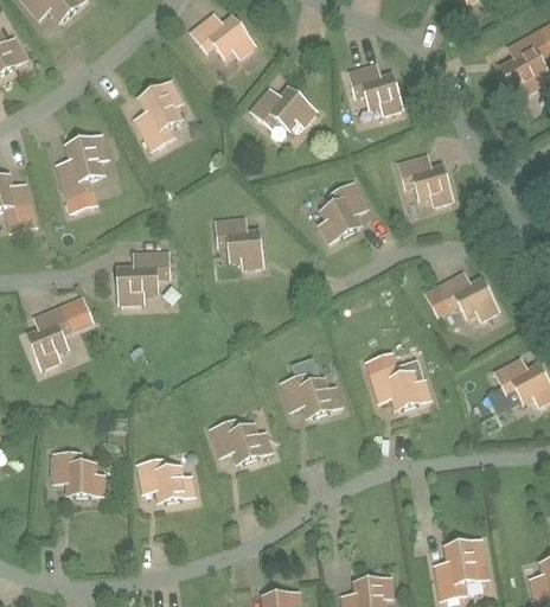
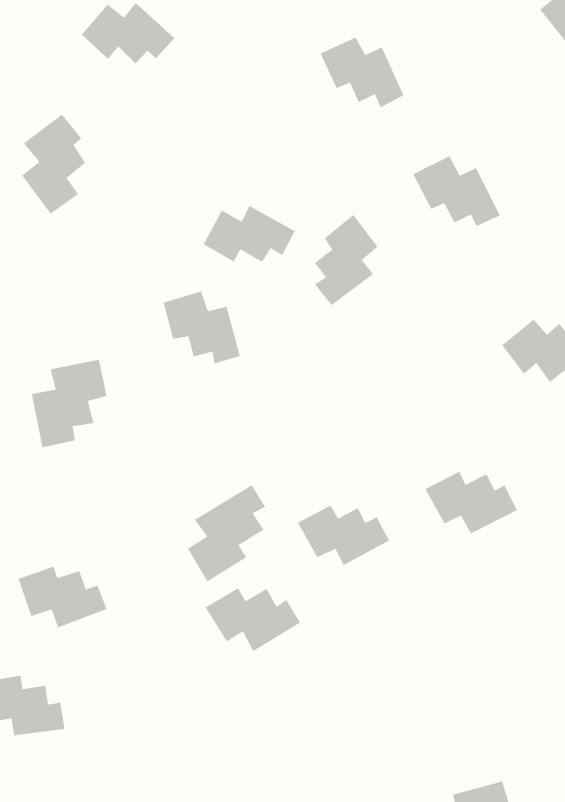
building: [251,89,315,129] -> [203,205,296,263]
building: none -> [187,484,266,583]
building: [137,460,194,503] -> [17,565,108,629]

